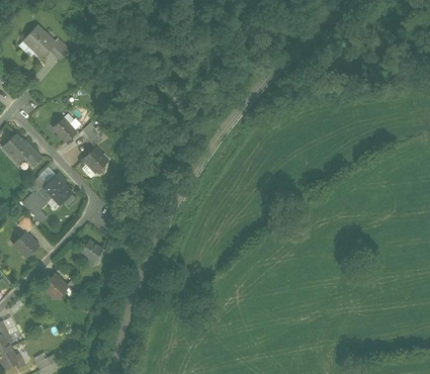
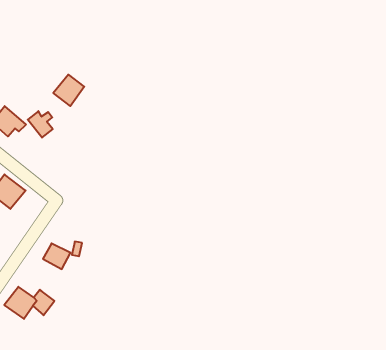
building: [81,148,108,175] -> [53,75,84,106]

